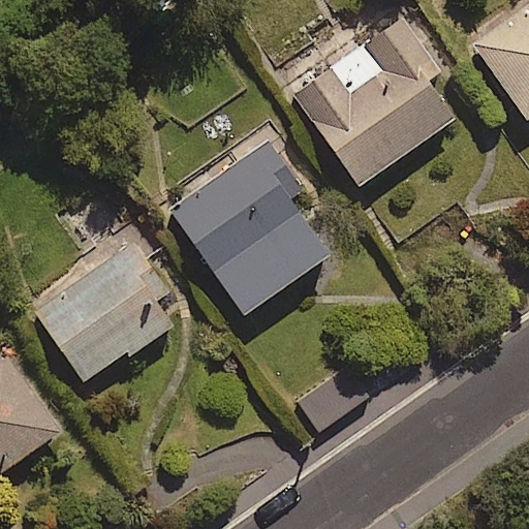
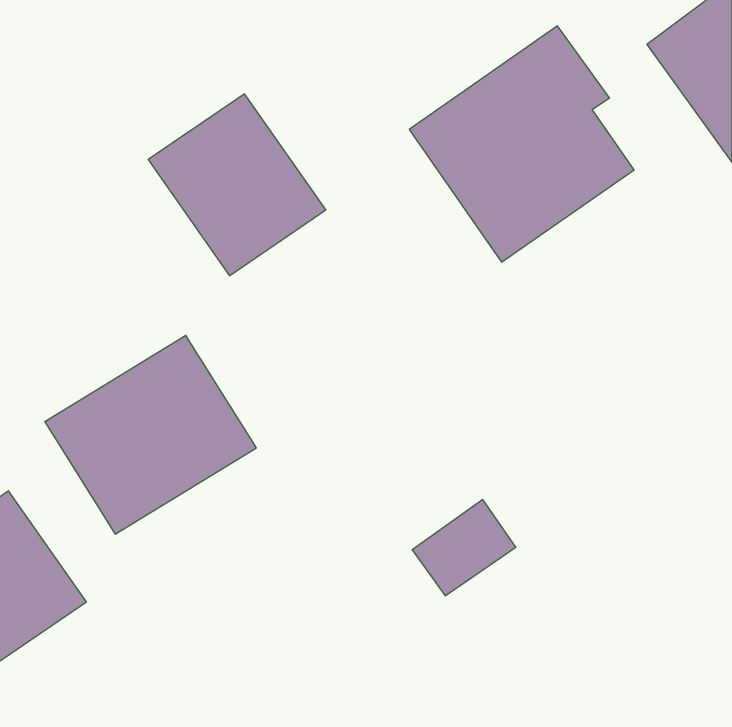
building: none -> [148,94,326,276]
building: [169,136,332,317] -> none

